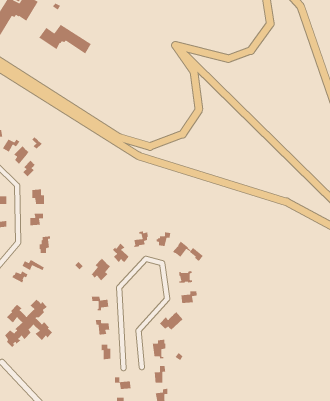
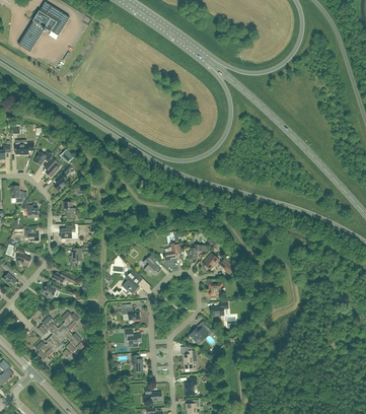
building: [38,24,92,54] -> none

